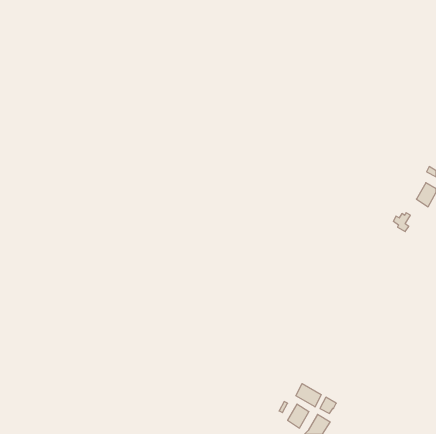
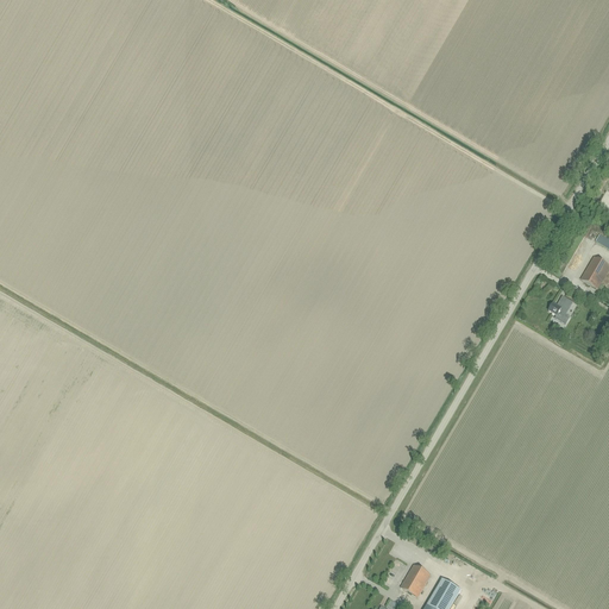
building: [296,384,321,407] -> none

